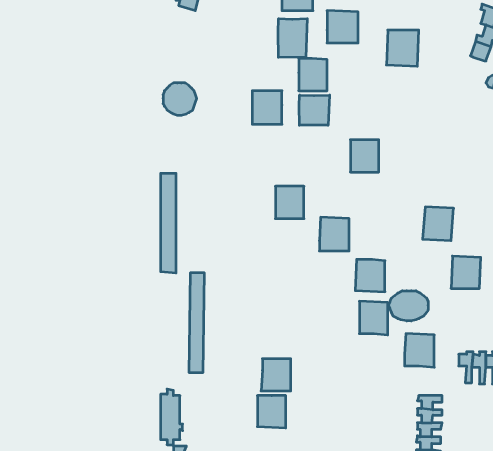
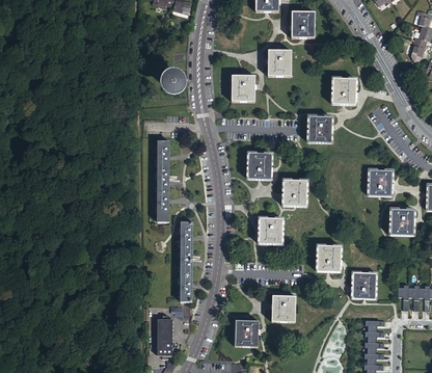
building: [278,19,307,57] -> none
building: [386,30,419,66] -> [330,76,356,105]
building: [299,95,330,125] -> none
building: [355,259,385,292] -> [259,218,282,244]
building: [389,291,428,321] -> none
building: [261,359,291,391] -> [273,296,297,322]

